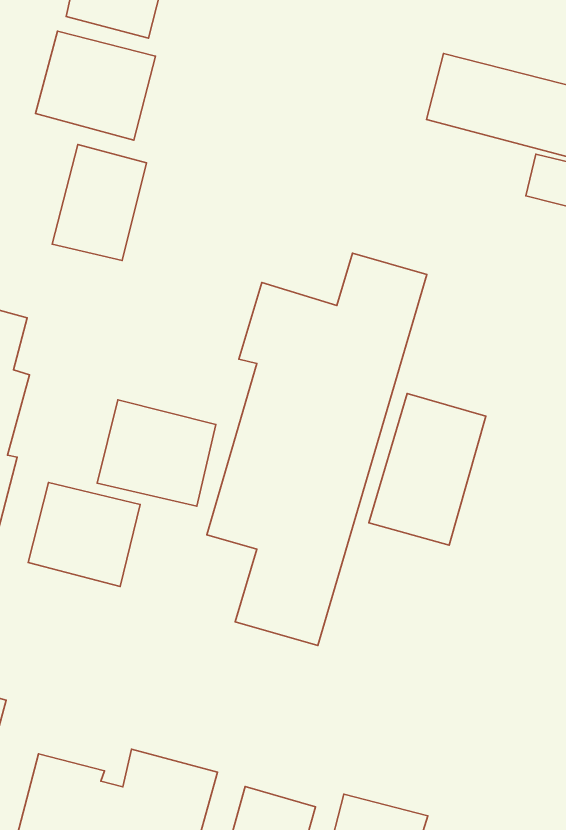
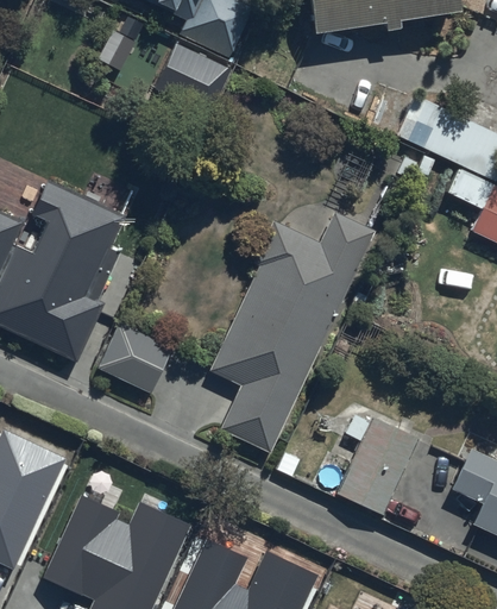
building: [52,145,147,261] -> none
building: [369,394,486,545] -> [334,416,419,515]
building: [97,400,216,506] -> none

